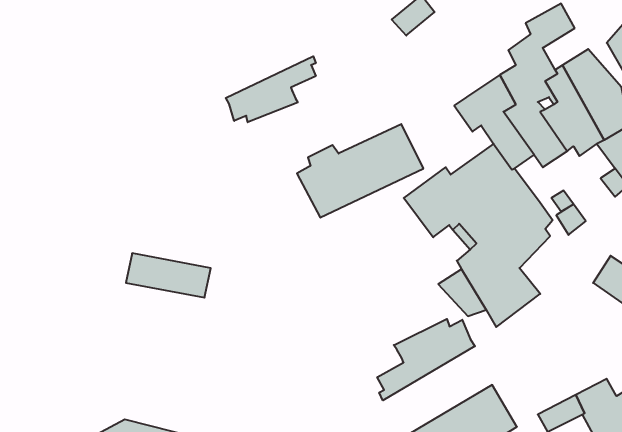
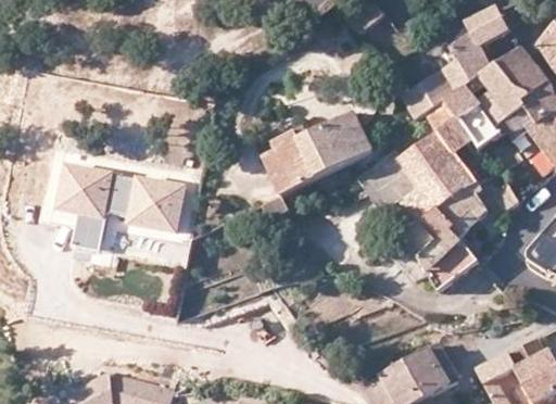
building: [226,56,316,122] -> none
building: none -> [59,165,181,250]
building: [377,319,475,400] -> none

